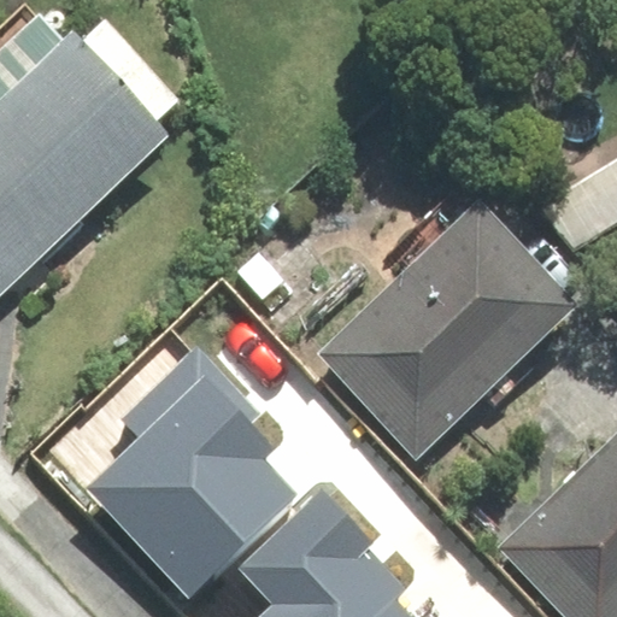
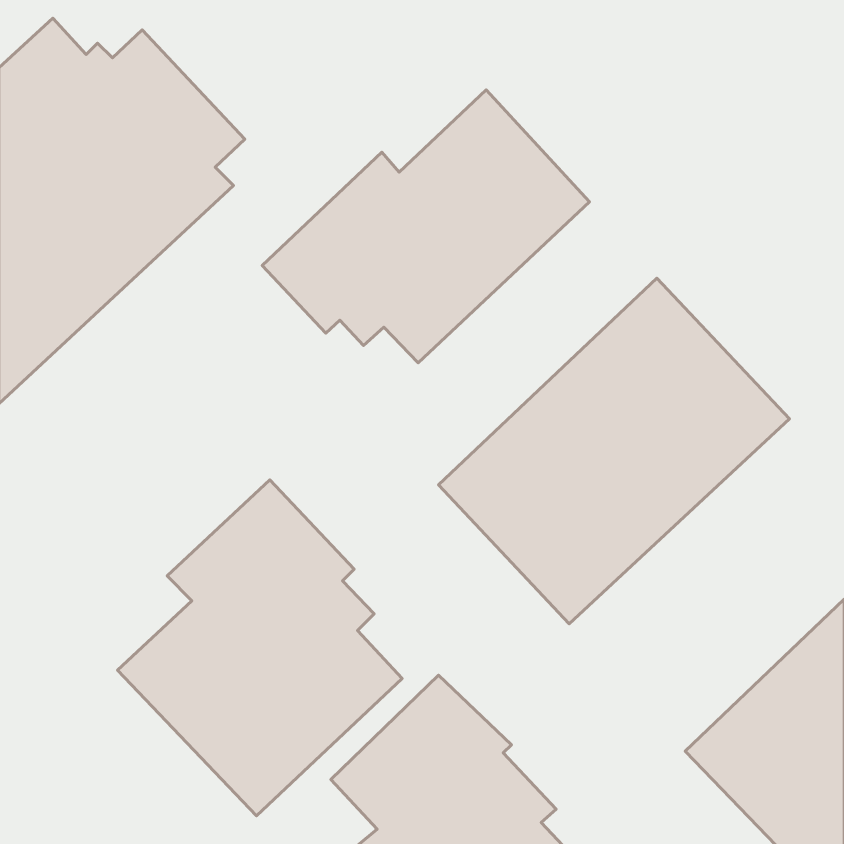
building: none -> [262,90,589,363]

